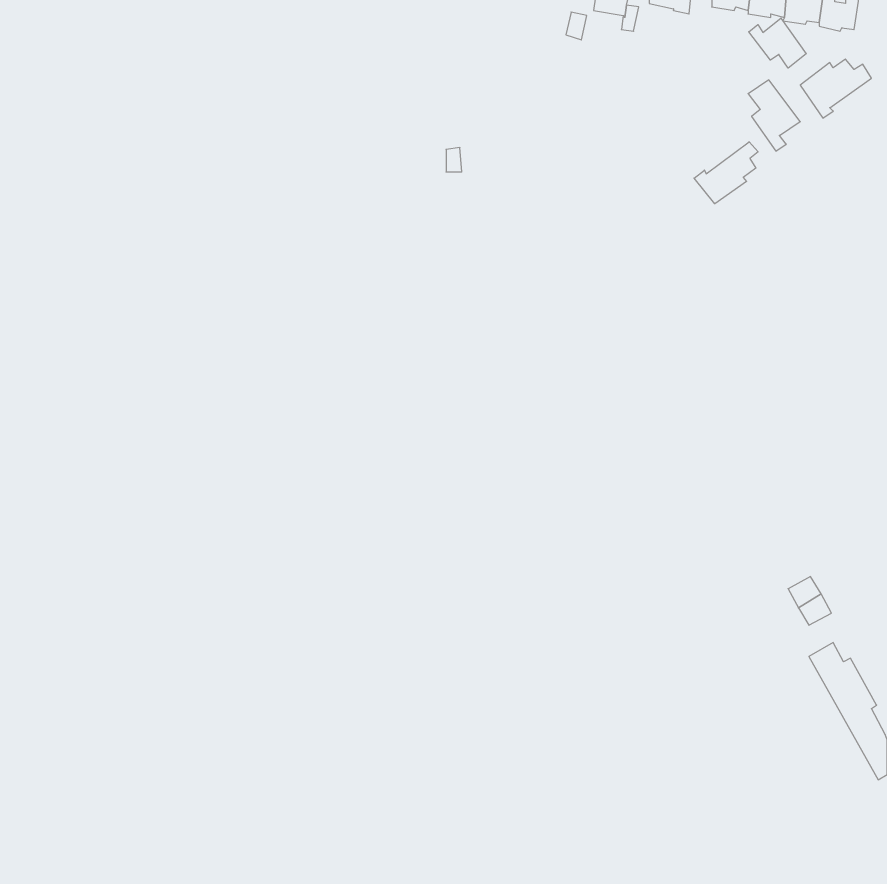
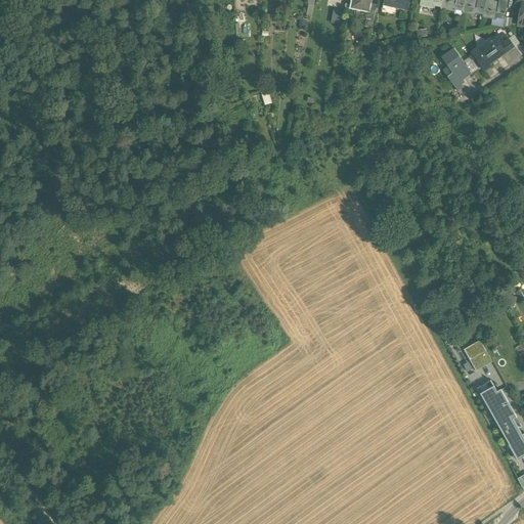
building: [749,18,806,68] -> none
building: [694,142,758,204] -> none

